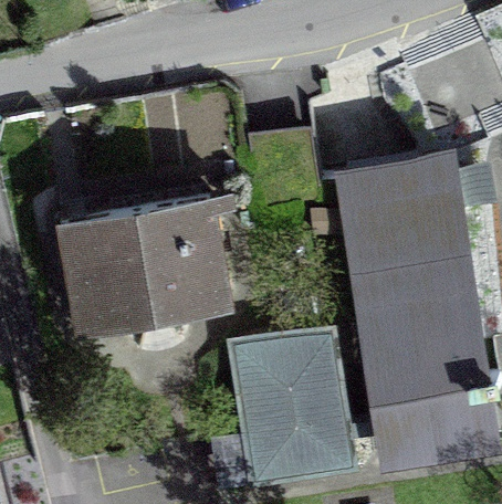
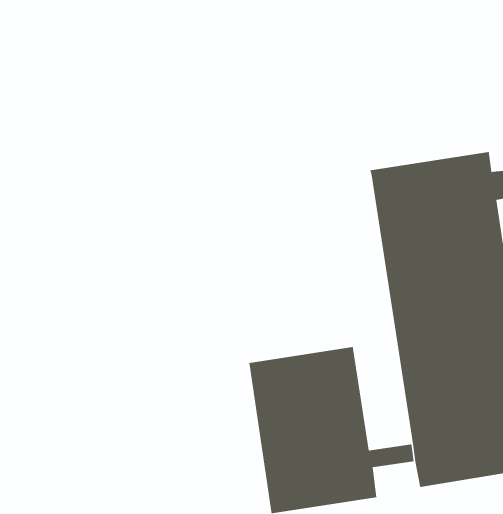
building: [56,197,226,324] -> none

